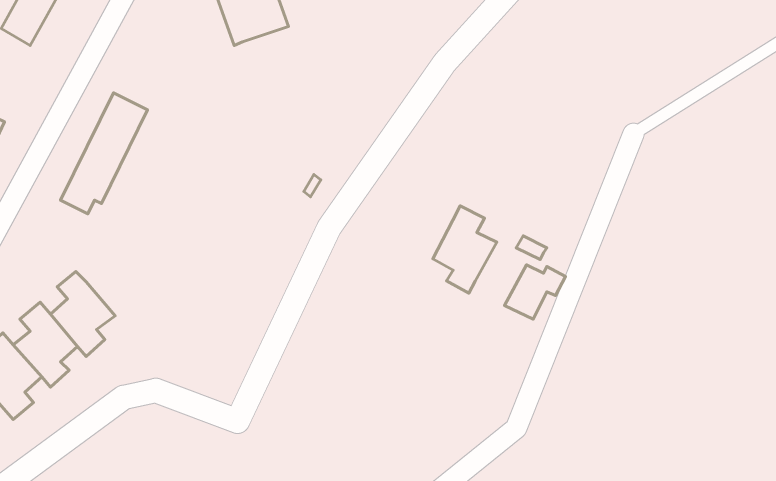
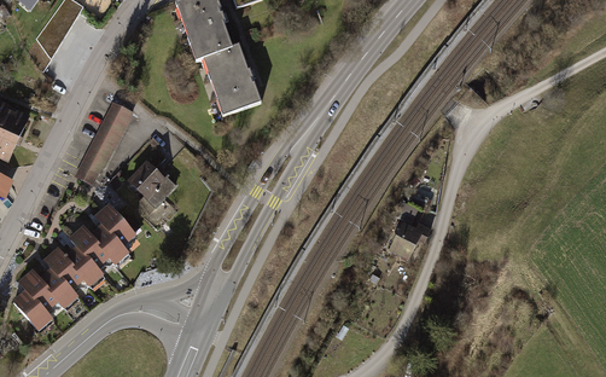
building: none -> [202,45,261,116]
building: none -> [127,146,173,201]
building: [433,206,497,293] -> none
building: none -> [91,198,136,259]

